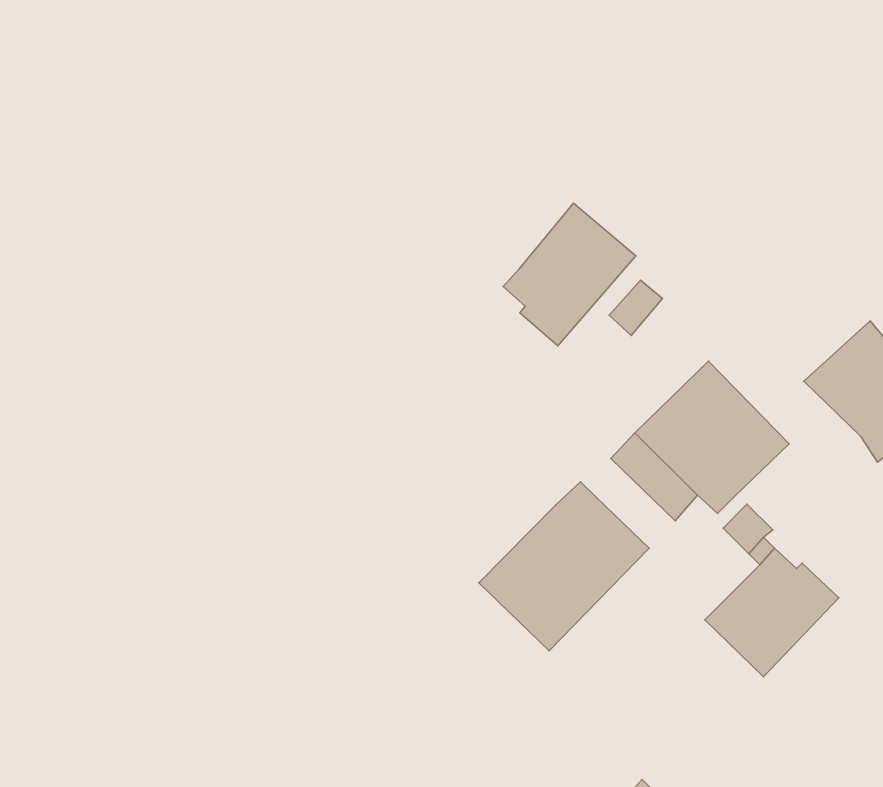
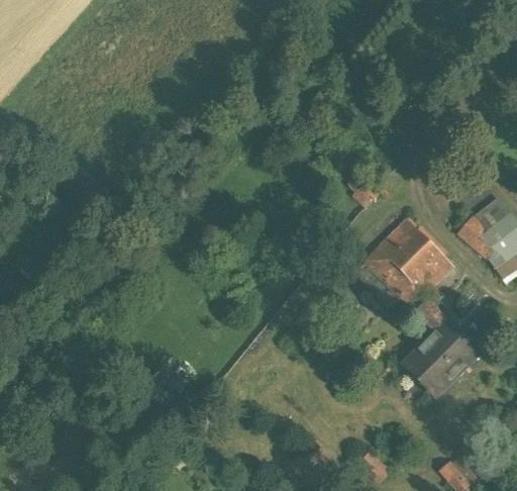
building: [503,203,636,346] -> none
building: [479,482,649,651] -> none

